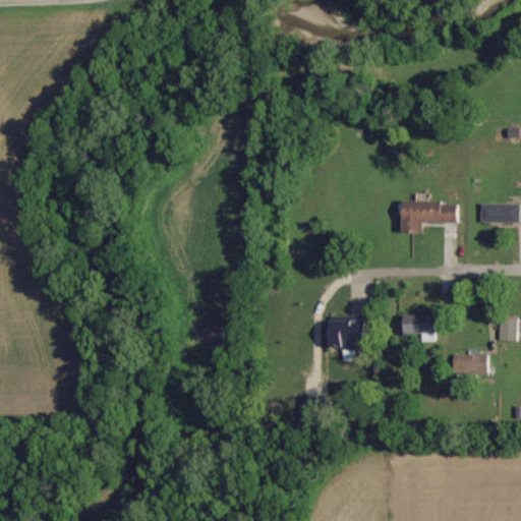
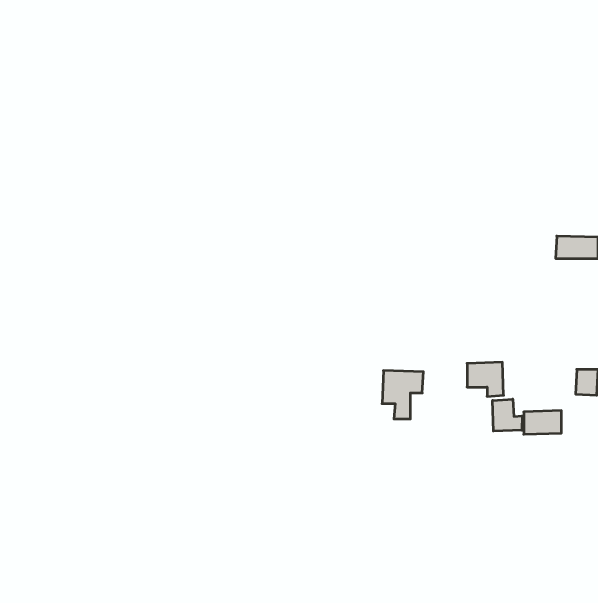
building: [402,201,456,231] -> none
building: none -> [493,399,522,431]

